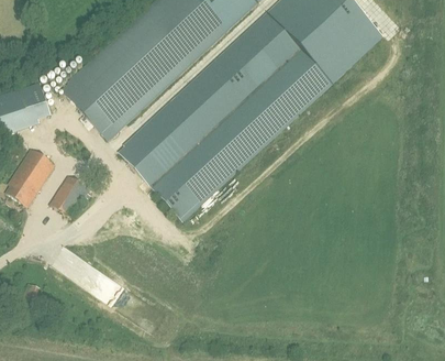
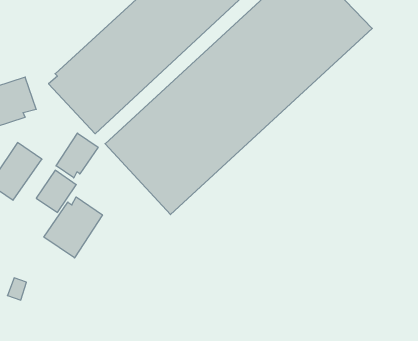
building: none -> [56,133,98,178]
building: none -> [44,197,102,258]

